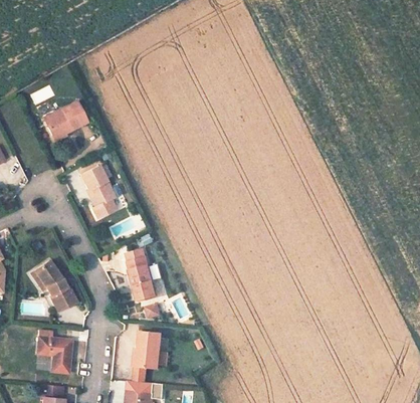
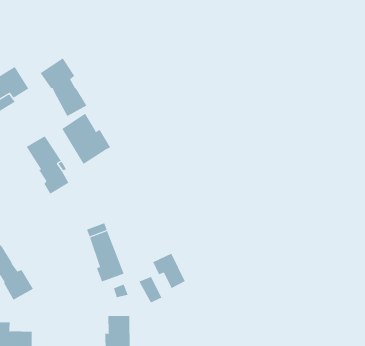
building: none -> [40,57,87,117]
building: none -> [61,113,111,165]
building: none -> [153,253,186,289]

